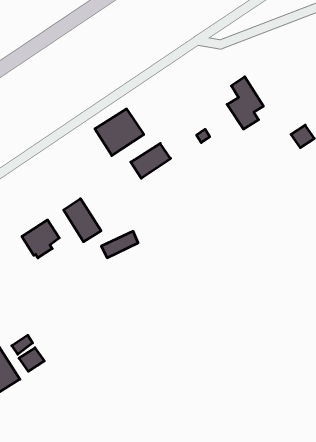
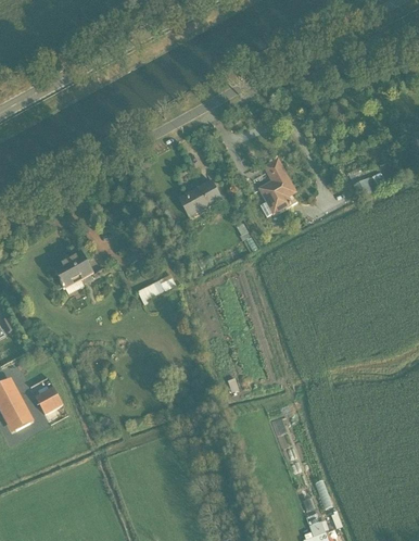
building: [227,77,263,129] -> [256,158,295,214]
building: [95,109,144,156] -> none
building: [64,199,101,242] -> none

